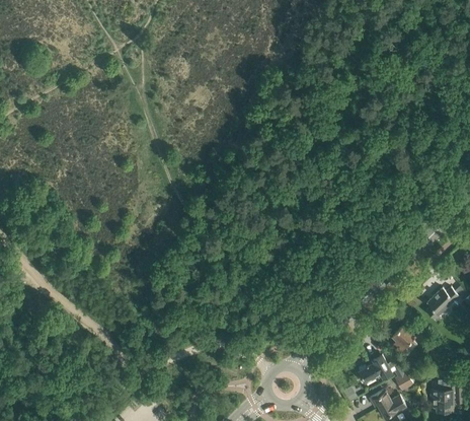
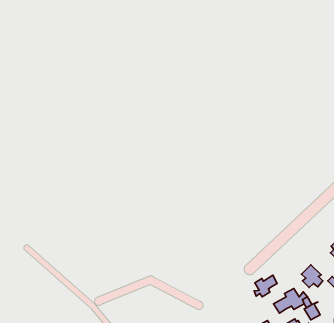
building: none -> [254,275,277,297]

